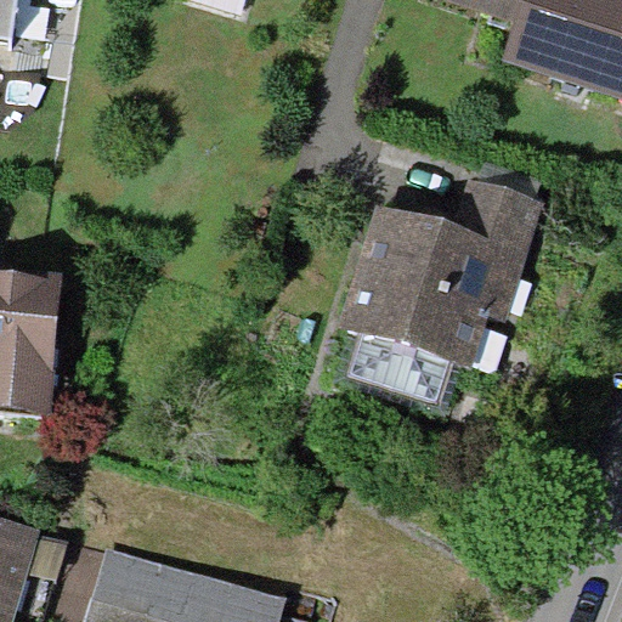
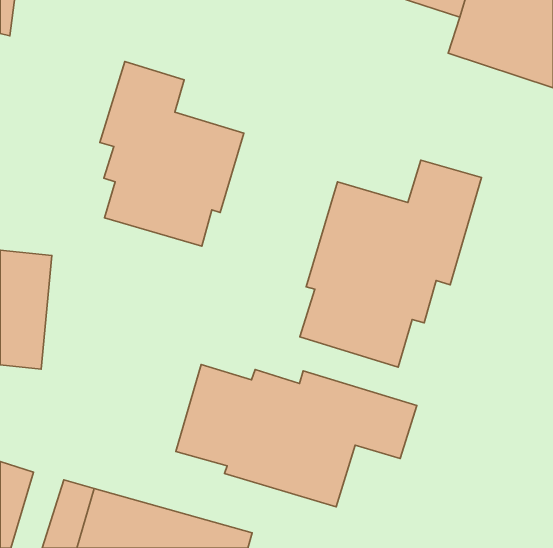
building: none -> [100,62,244,246]
building: none -> [176,364,417,507]

